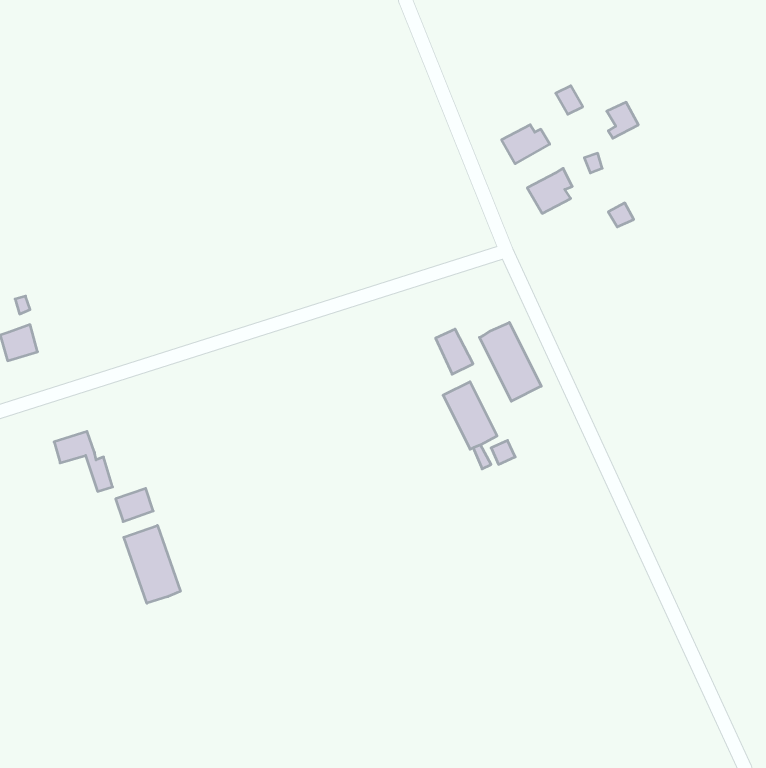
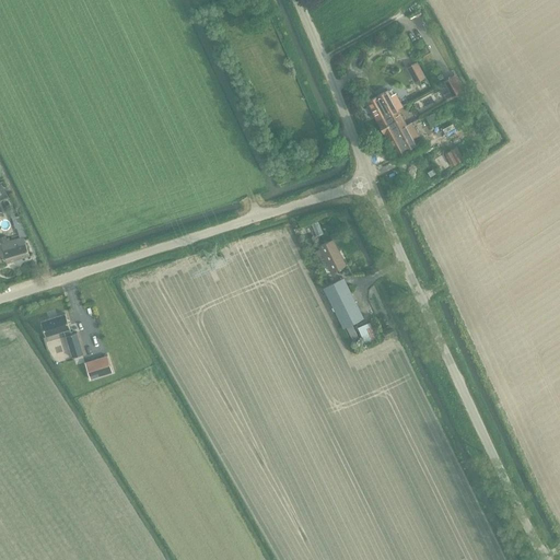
building: none -> [375,105,405,137]
building: [479,322,541,401] -> none
building: [124,525,180,603] -> none

